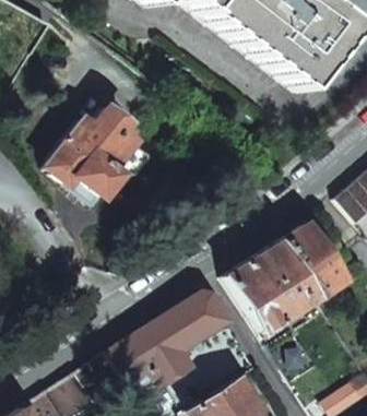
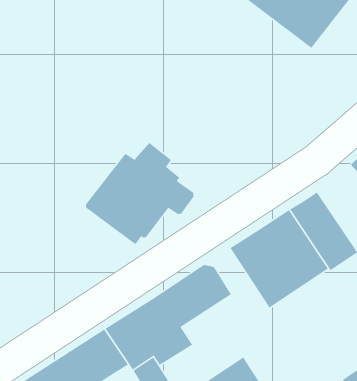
building: [50,104,152,200] -> [85,142,194,245]

